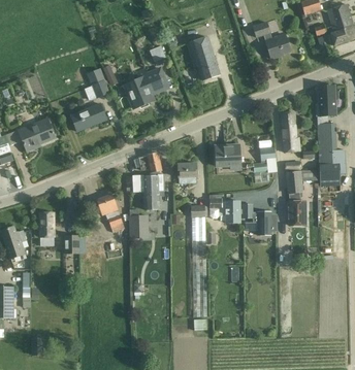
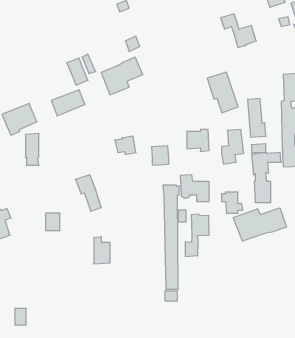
building: [187,37,220,80] -> [207,72,238,113]
building: [126,174,164,208] -> none
building: [130,209,148,238] -> [94,237,110,264]
building: [39,211,54,245] -> [25,134,39,165]
building: none -> [233,208,286,241]
building: none -> [185,214,209,257]

